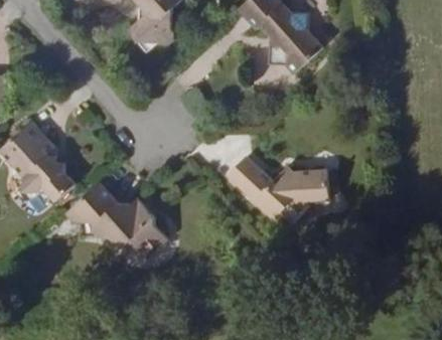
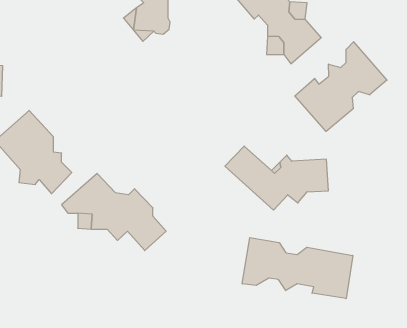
building: none -> [295,42,387,131]
building: none -> [242,238,353,299]

